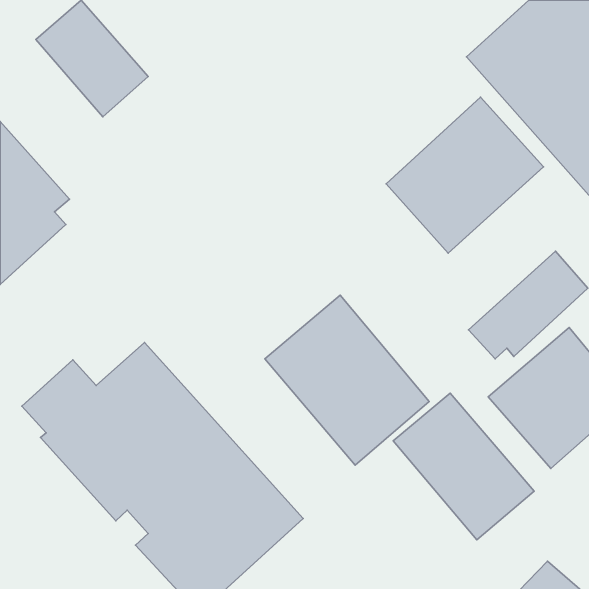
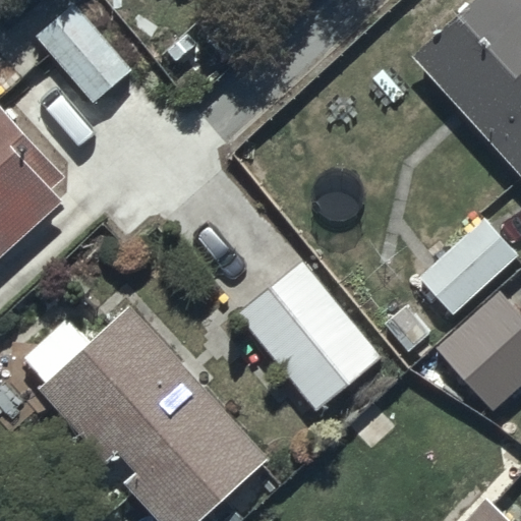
building: [386,97,544,253] -> none
building: [393,393,534,540] -> none

